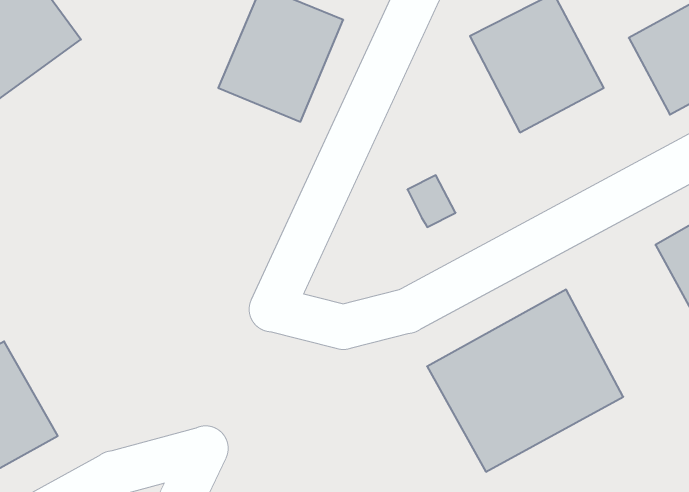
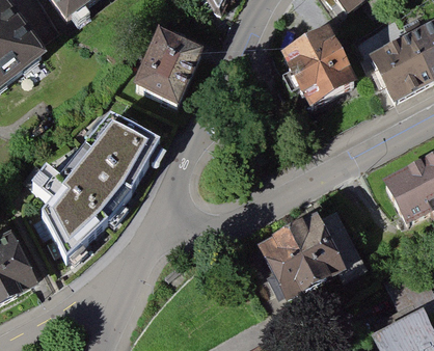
building: none -> [35,116,157,258]

